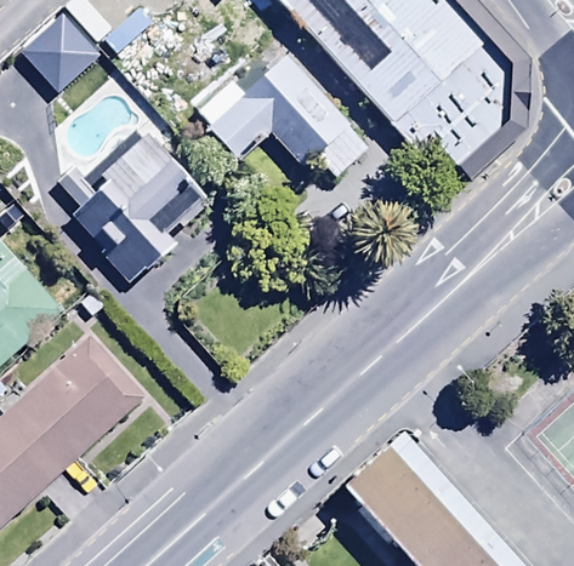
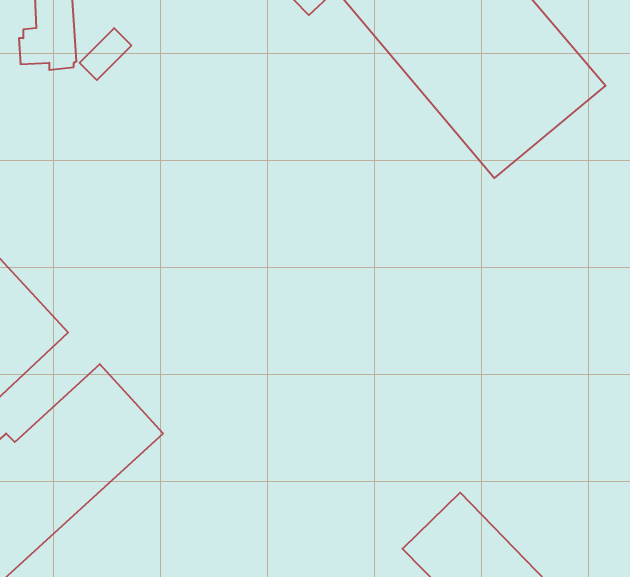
building: [198,55,369,173] -> none
building: [59,125,212,278] -> none

